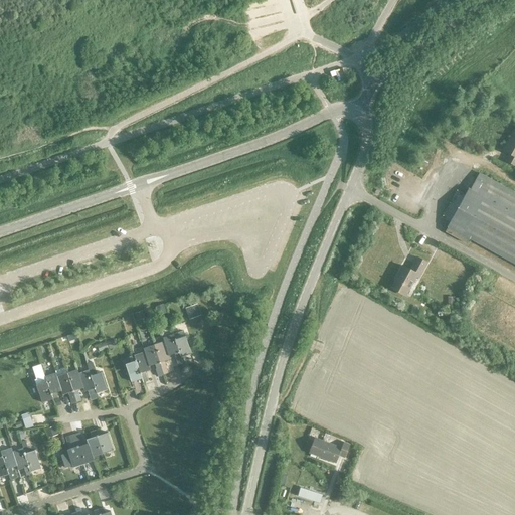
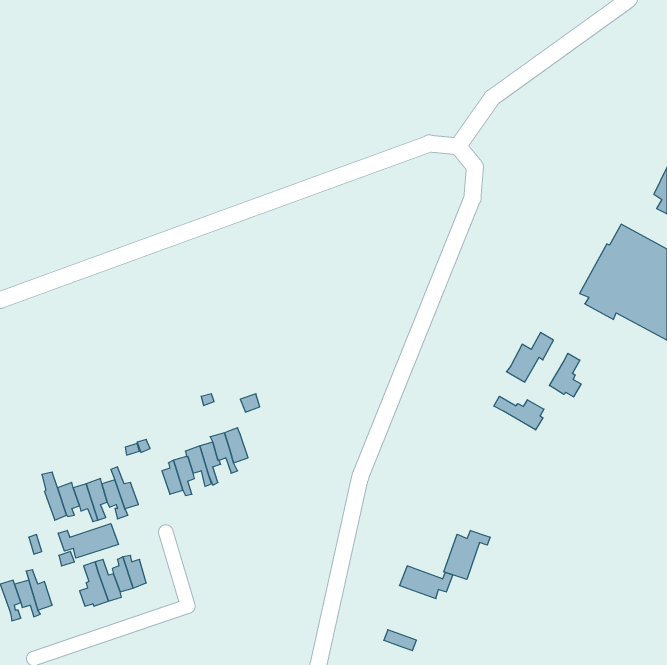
building: none -> [549,353,581,397]
building: none -> [494,396,544,430]
building: none -> [58,524,118,558]
building: none -> [444,530,490,579]

